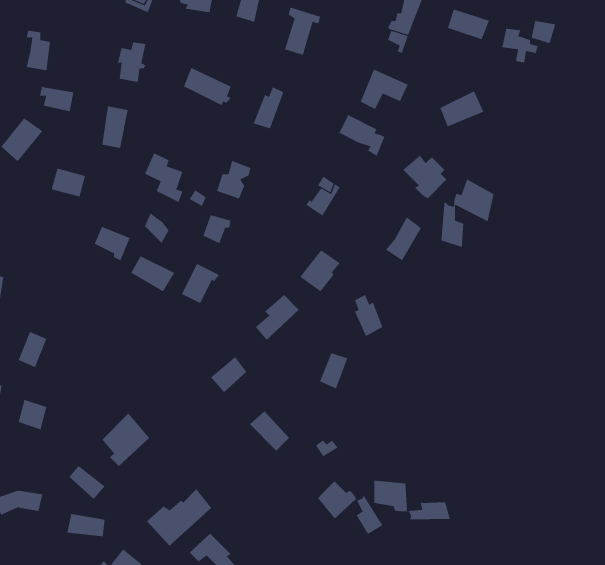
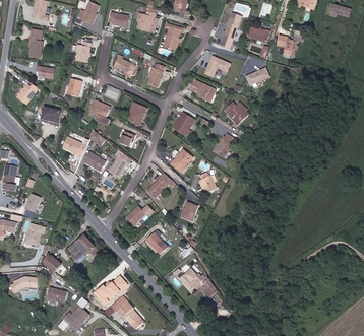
building: [441,178,494,248] -> none
building: [374,480,450,520] -> none

